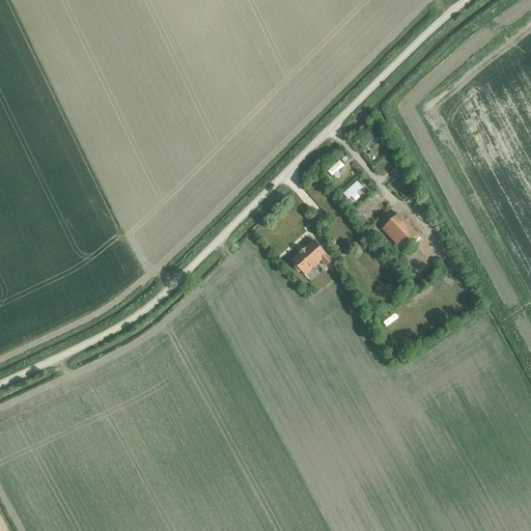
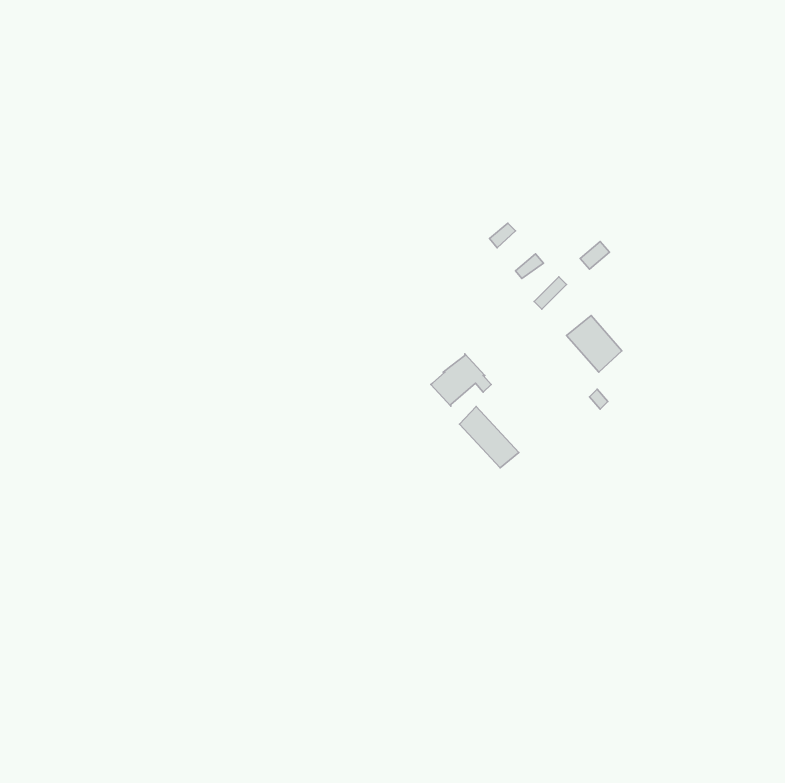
building: none -> [459,407,519,468]

